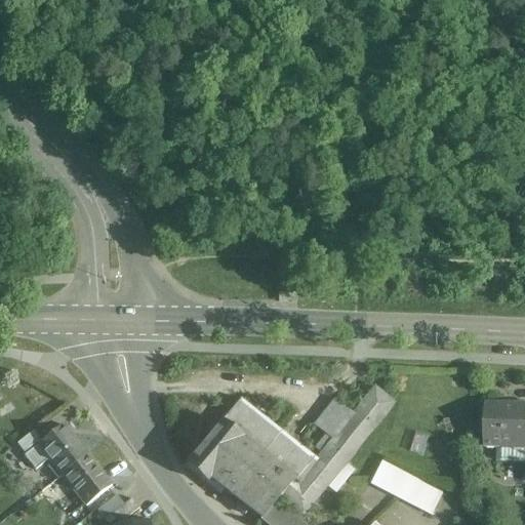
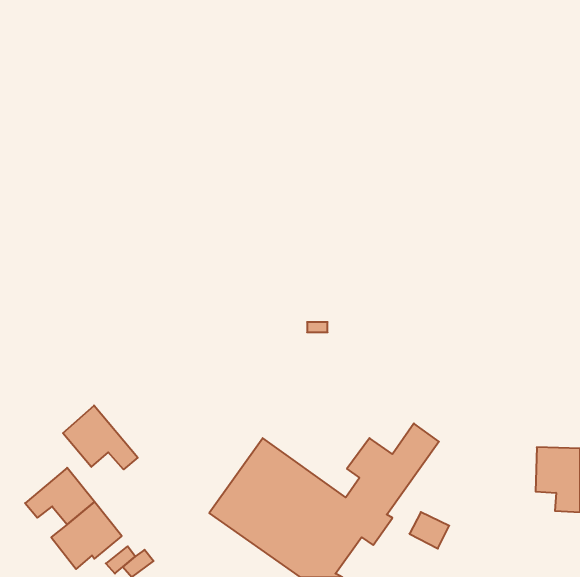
building: none -> [63,405,138,469]
building: [395,474,440,513] -> none

